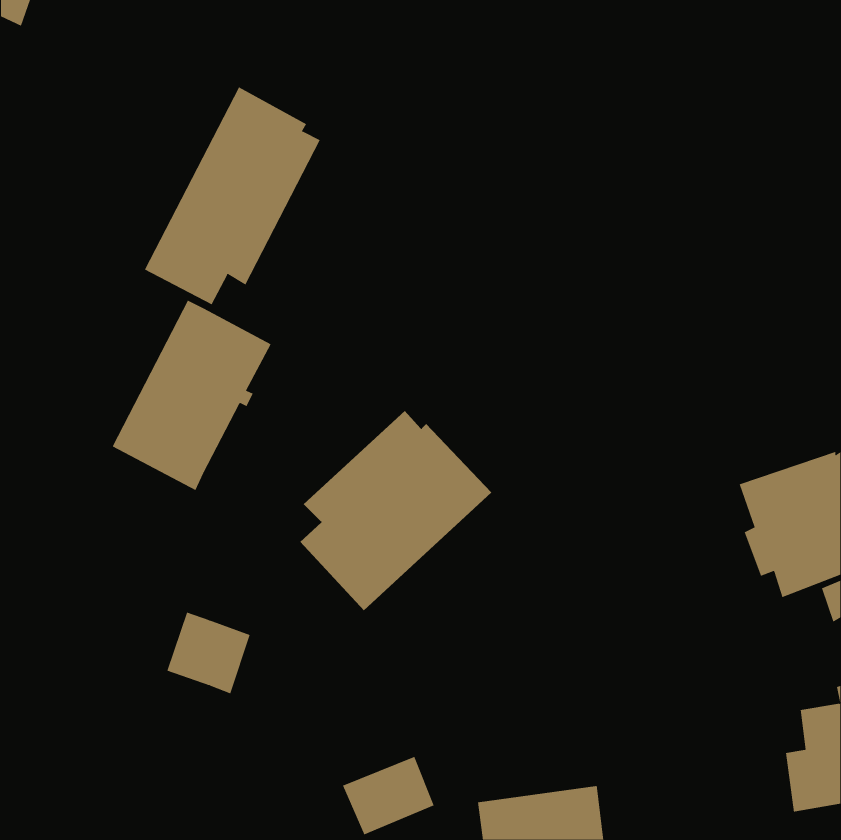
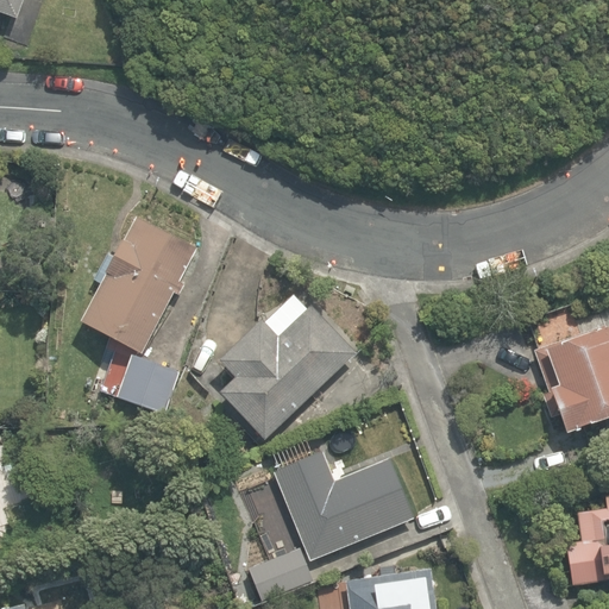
building: [144,87,320,305] -> none
building: [167,612,251,694] -> [117,354,177,414]
building: none -> [274,450,413,559]

